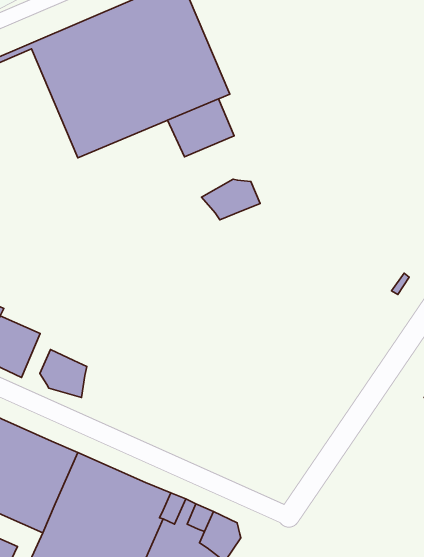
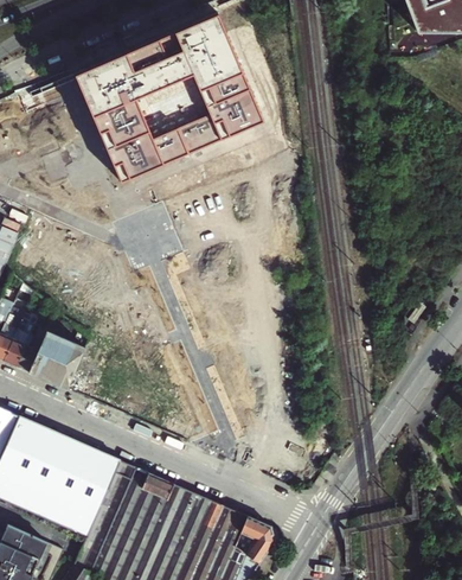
building: [168,99,234,157] -> none
building: [202,179,260,220] -> none
building: [40,350,87,397] -> none

